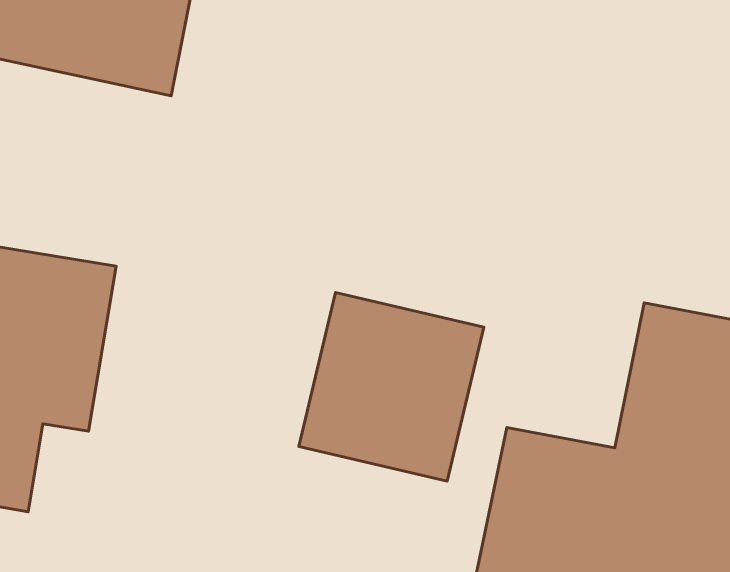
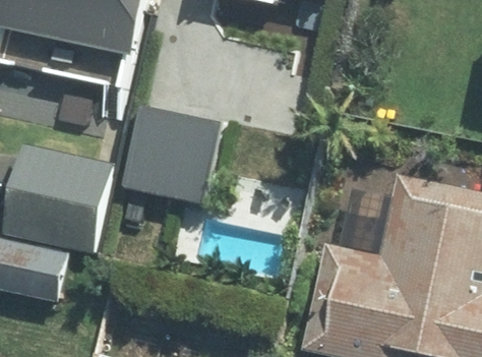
building: [299,292,484,481] -> [118,102,221,206]

